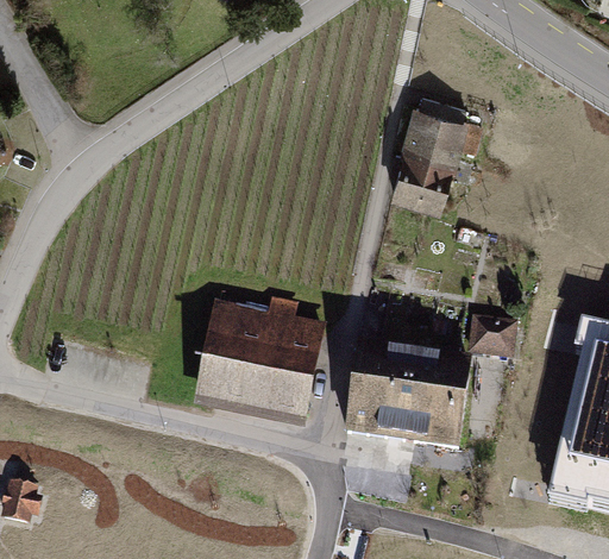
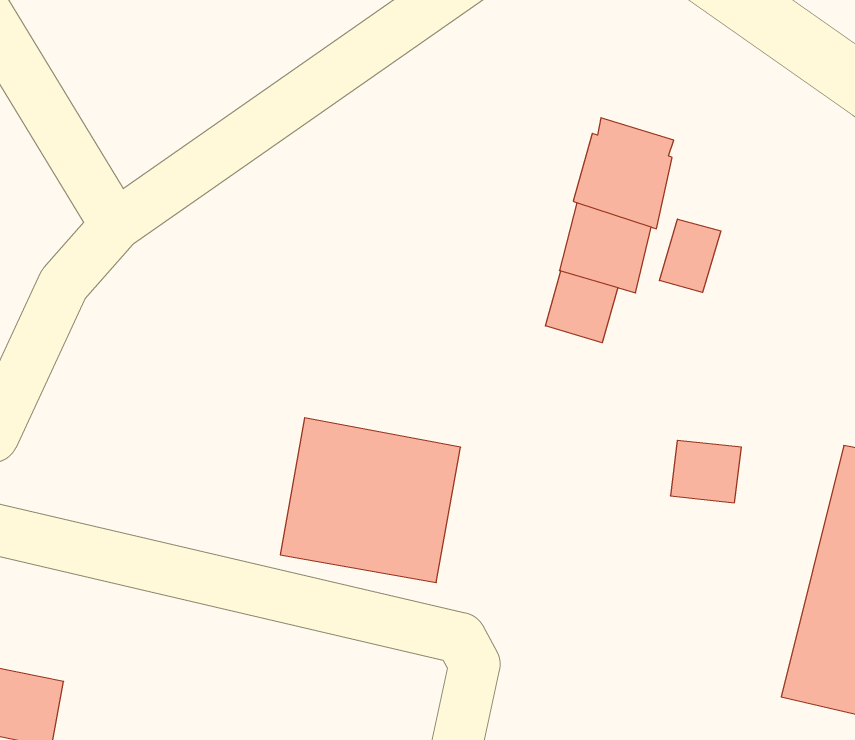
building: none -> [659,219,721,292]
building: none -> [545,271,618,343]
building: [345,346,478,451] -> none

